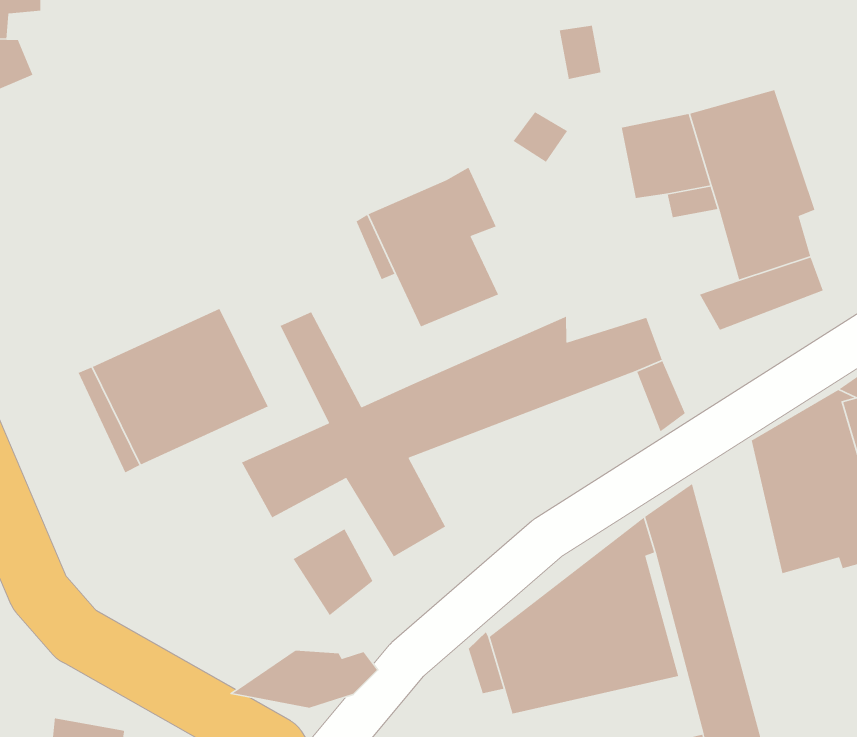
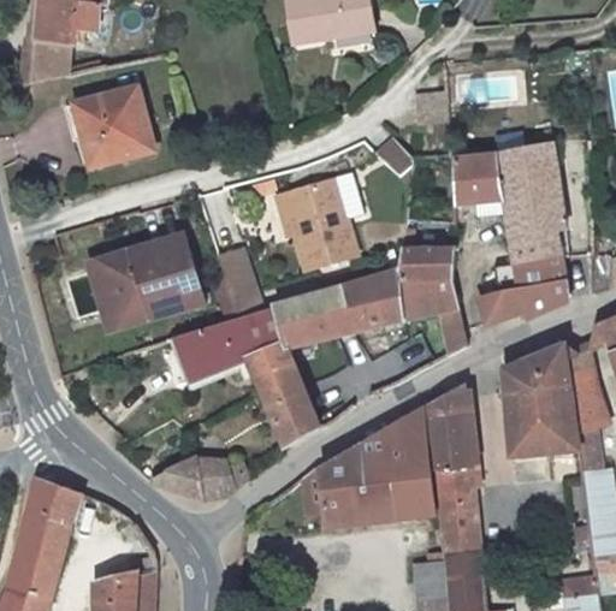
building: none -> [85,83,165,161]
building: none -> [397,241,450,289]
building: none -> [474,280,567,324]
building: [292,528,374,616] -> [267,395,316,449]

